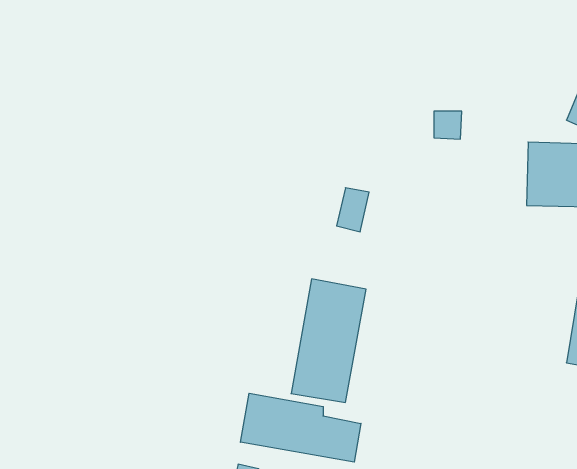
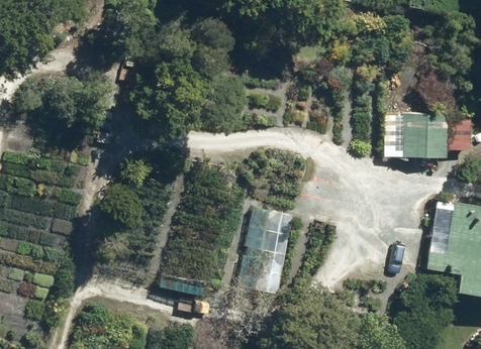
building: [240,393,361,462] -> none

